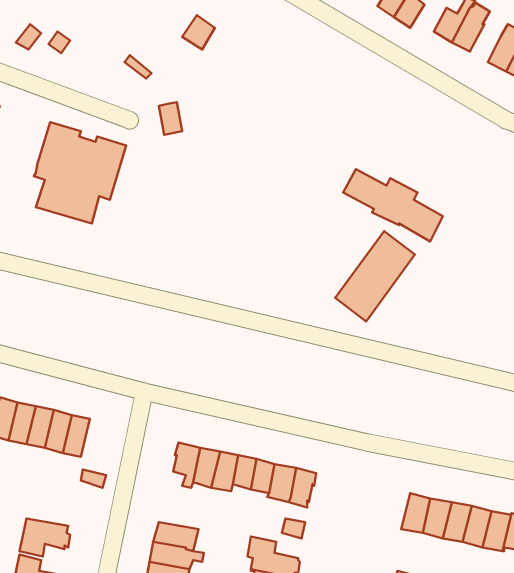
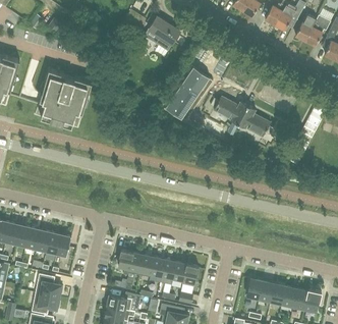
building: none -> [148,13,179,49]
building: [335,231,415,322] -> [167,67,212,118]
building: none -> [36,273,63,296]

